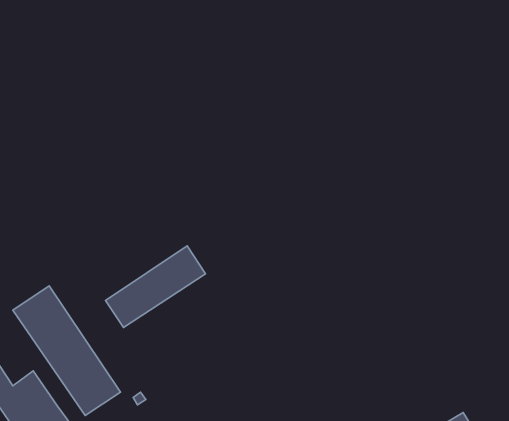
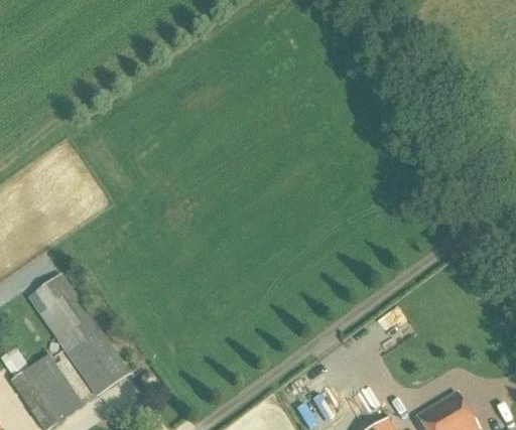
building: [105,246,206,327] -> none

